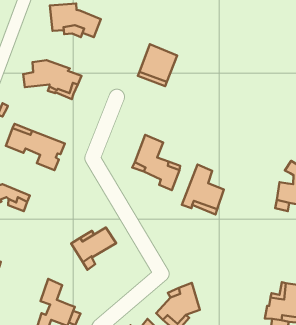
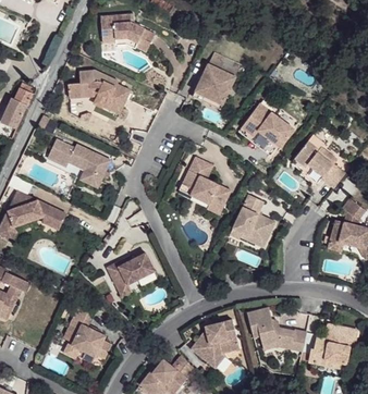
building: none -> [241,102,294,155]
building: none -> [296,133,346,187]
building: none -> [248,310,294,349]

